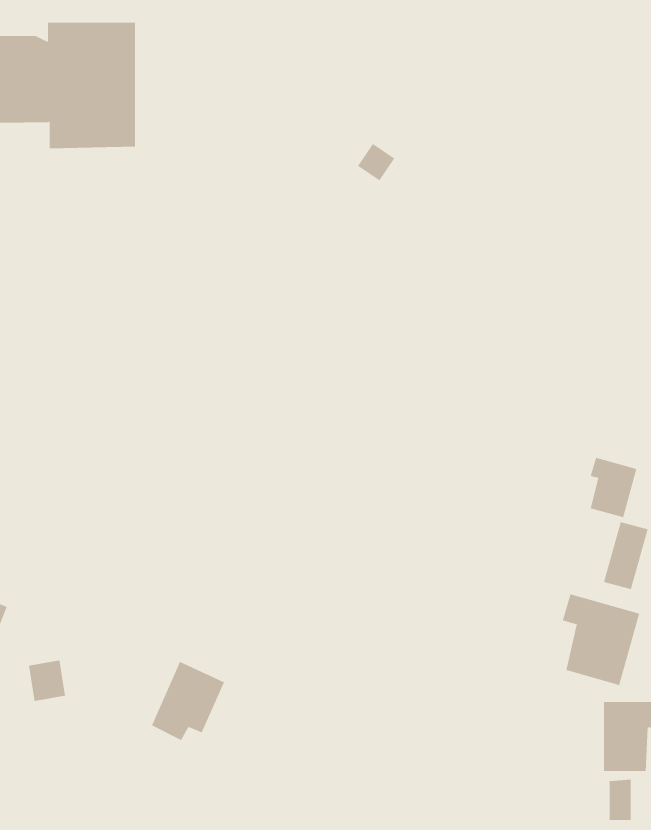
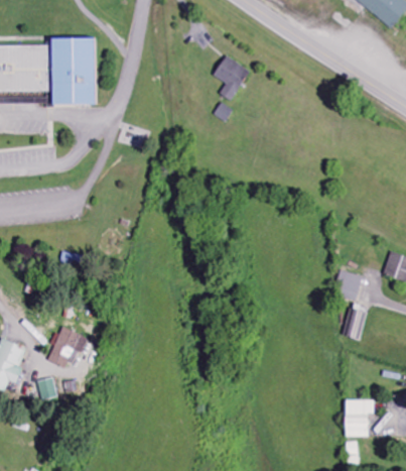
building: none -> [214,55,250,101]
building: [562,593,640,686] -> none
building: [151,661,225,741] -> [48,326,88,368]

